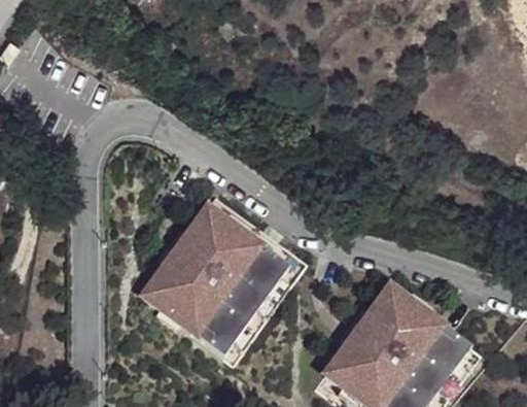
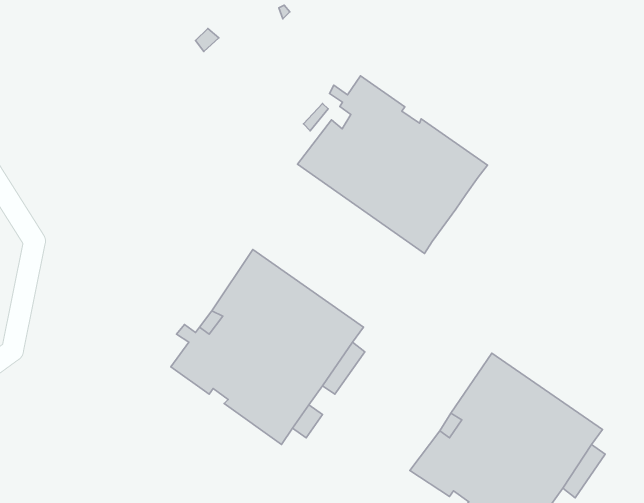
building: none -> [298,76,487,253]

